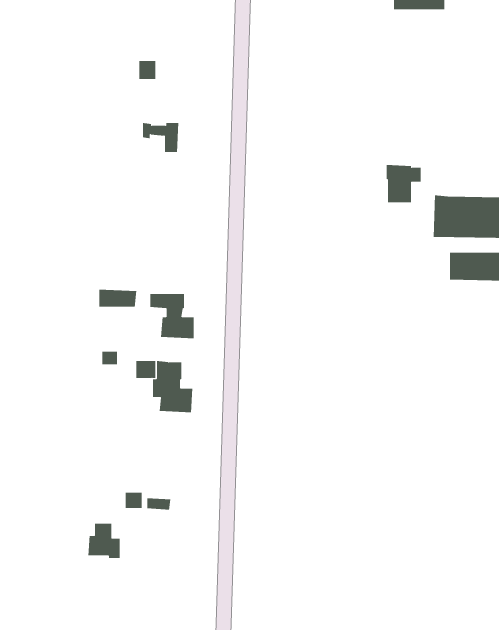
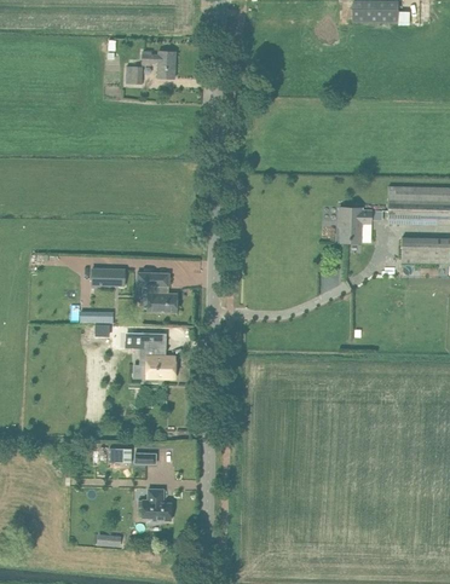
building: [142,122,179,153] -> [143,51,175,77]
building: [386,165,421,203] -> [339,207,370,241]
building: [87,523,120,559] -> [142,488,171,520]

